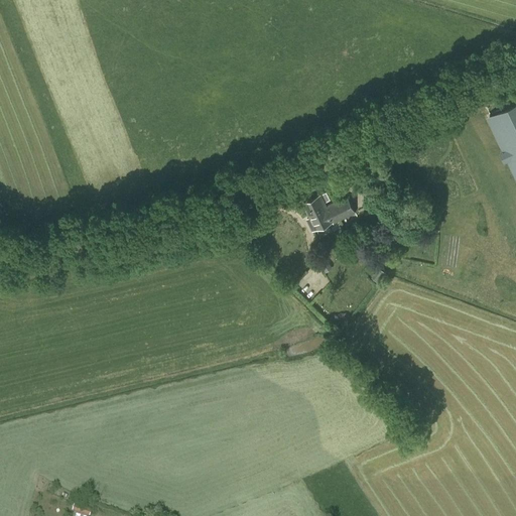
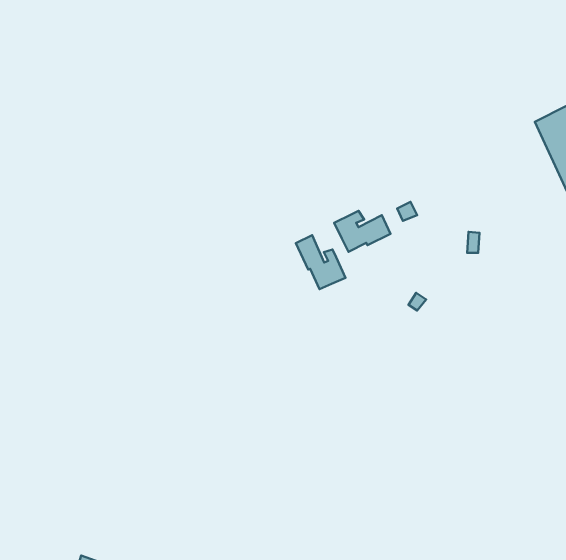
building: none -> [296,235,345,289]

